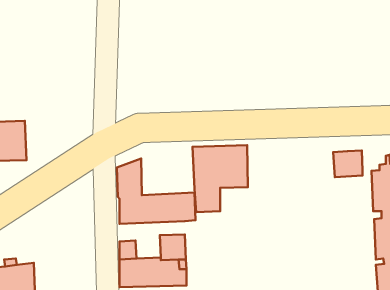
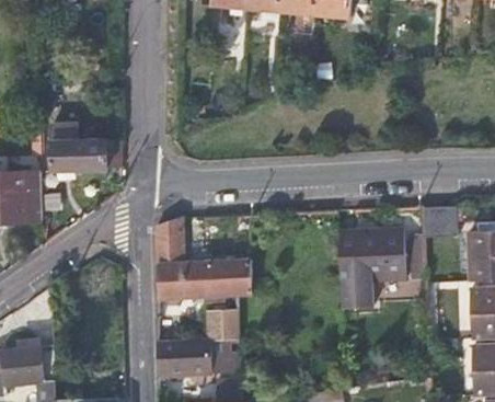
building: none -> [51,126,122,170]
building: [193,145,248,212] -> [335,228,403,310]

